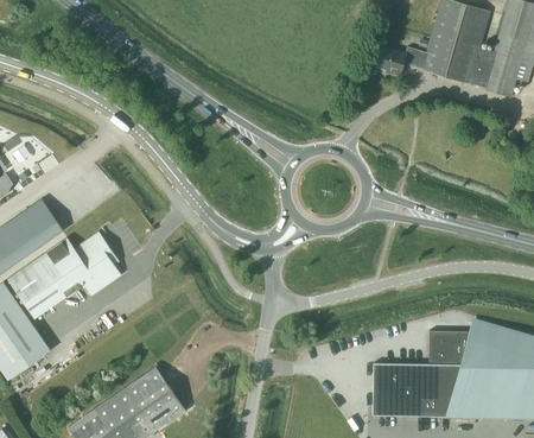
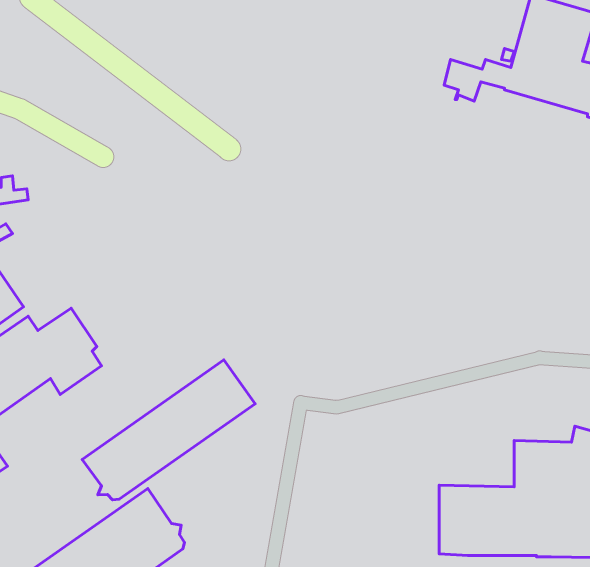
building: none -> [82,360,255,500]

